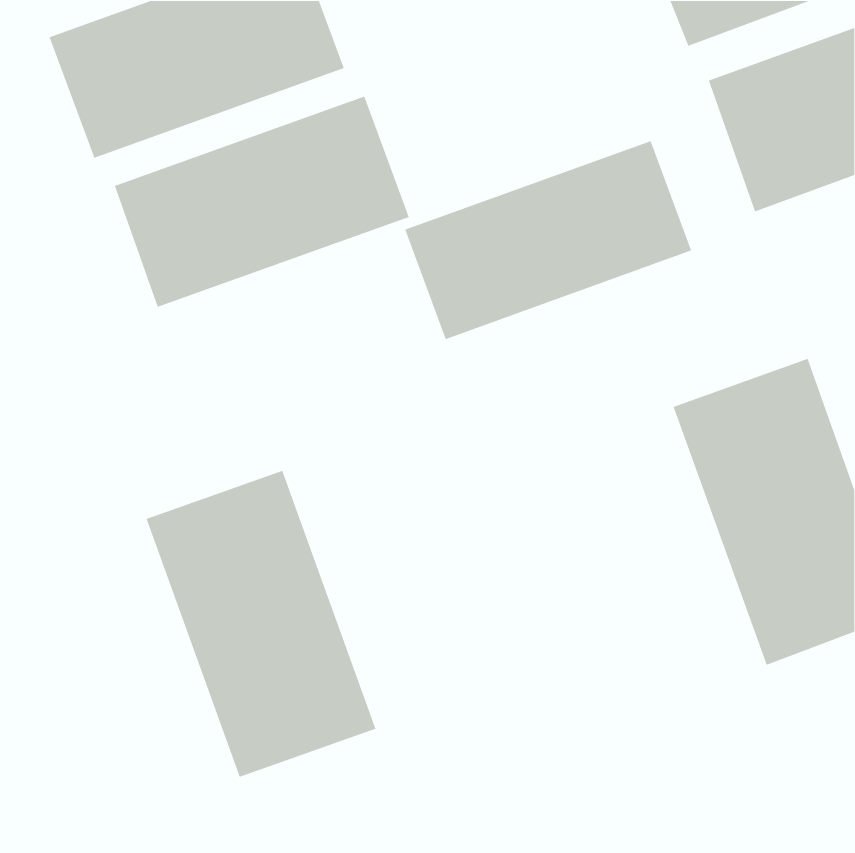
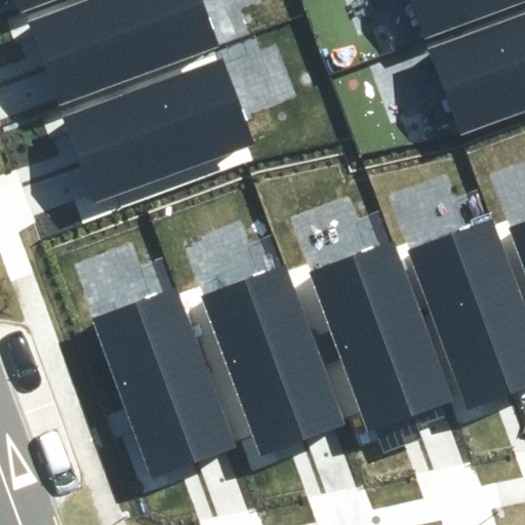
building: [404,140,692,340] -> none
building: none -> [319,242,460,431]
building: none -> [201,265,341,453]

